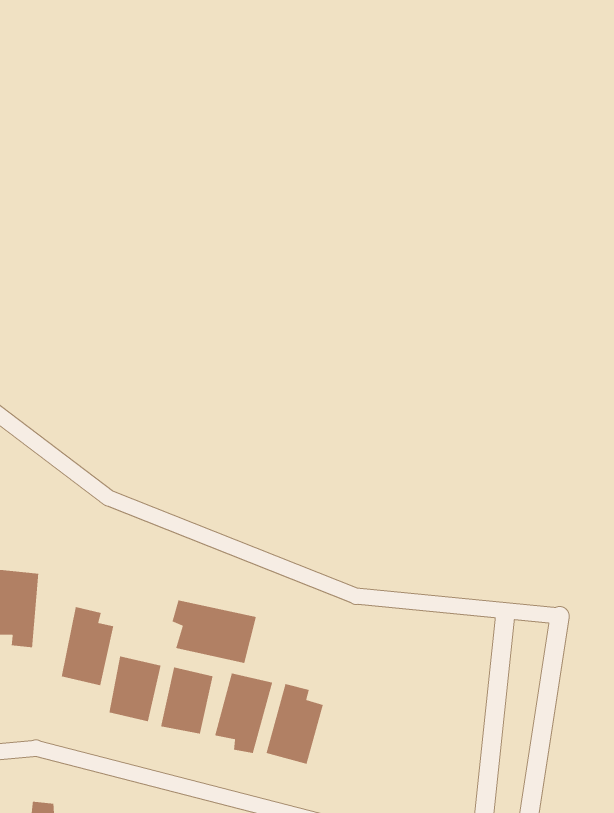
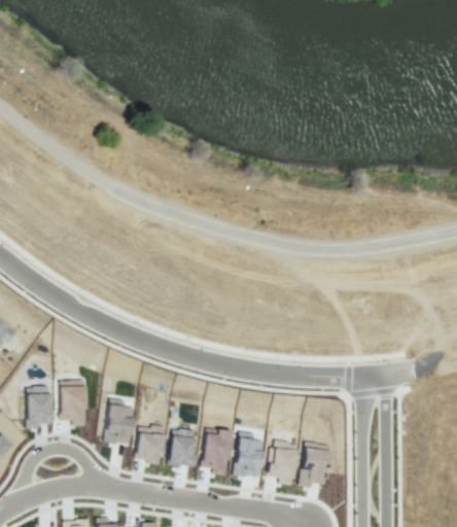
building: [171,599,257,664] -> none
building: none -> [271,441,297,484]
building: none -> [300,442,331,489]

